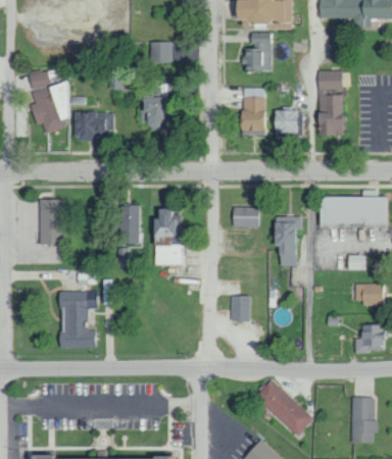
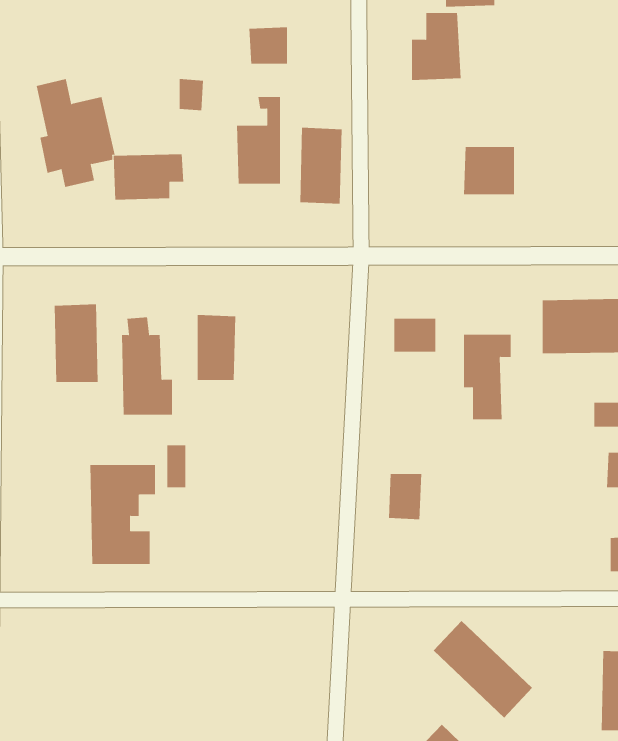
building: [316,69,343,136] -> none
building: [241,87,265,131] -> [299,127,342,204]
building: [153,208,183,264] -> [121,317,173,415]

